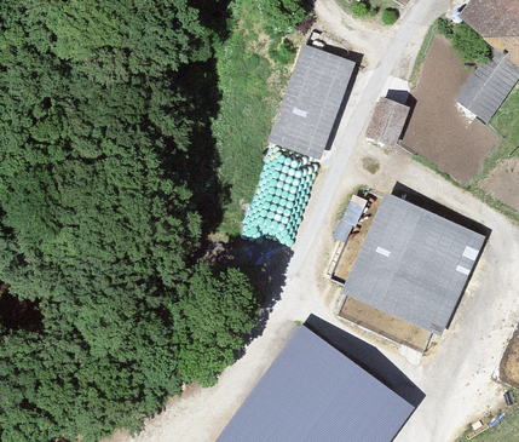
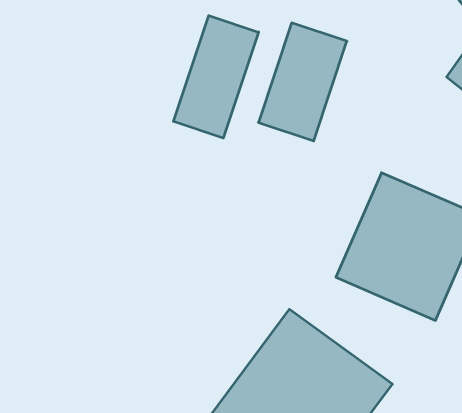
building: none -> [173,16,259,138]
building: [368,97,413,150] -> none

